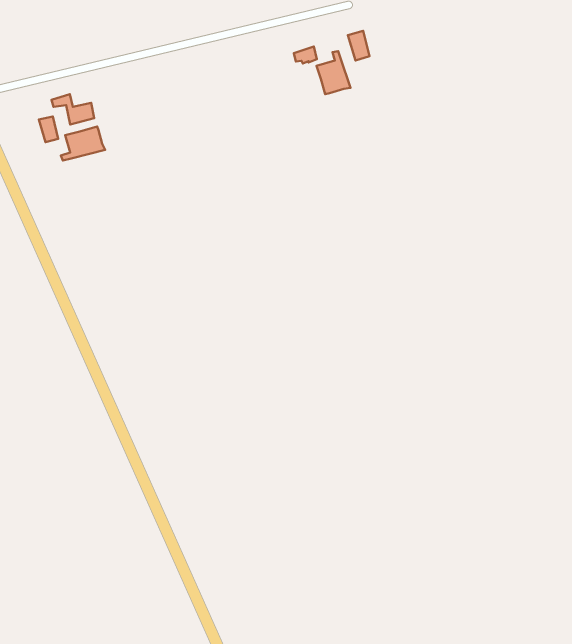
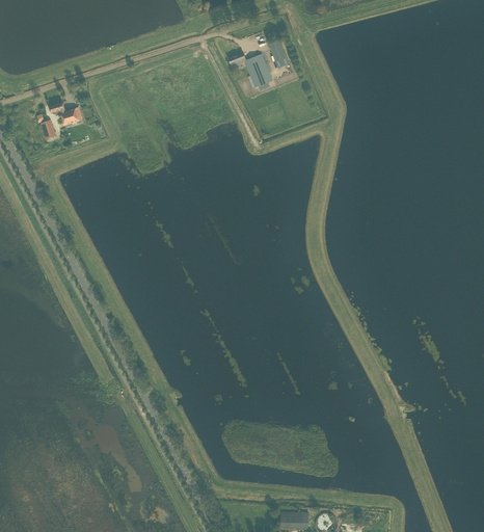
building: [61,126,105,161] -> none

